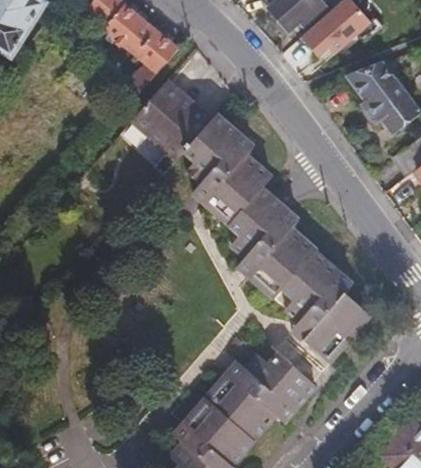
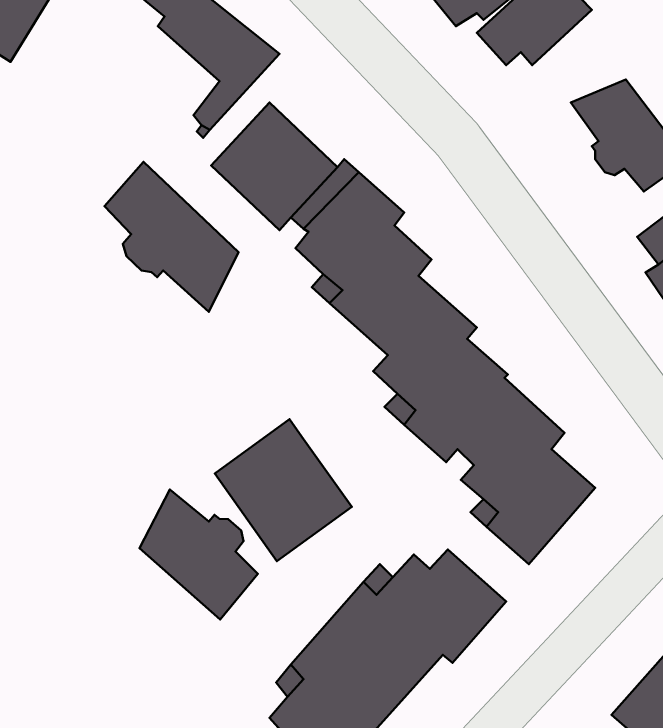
building: none -> [105,162,238,312]
building: none -> [215,419,352,561]
building: none -> [140,490,258,619]

